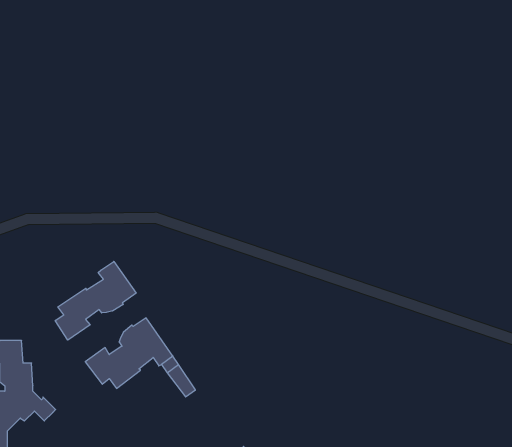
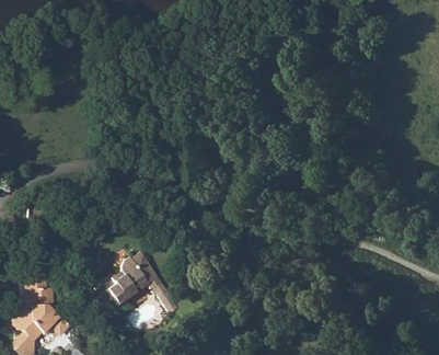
building: [55,261,136,340] -> none

